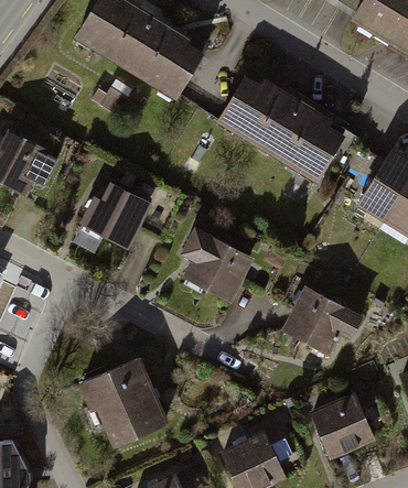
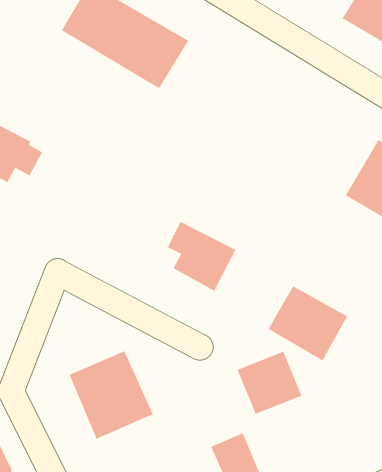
building: [215,71,344,180] -> none
building: [87,182,150,247] -> none
building: [310,394,376,458] -> [236,351,303,415]

